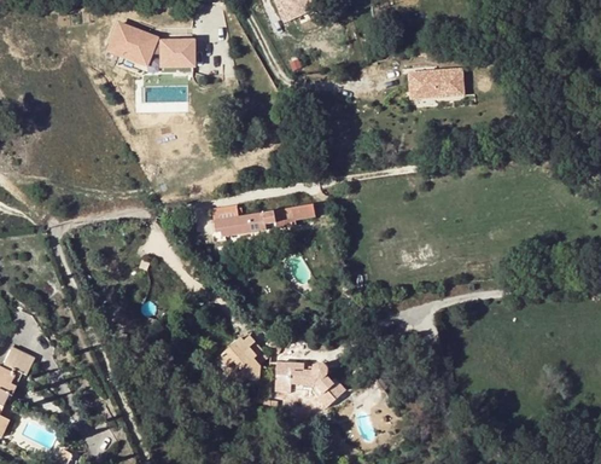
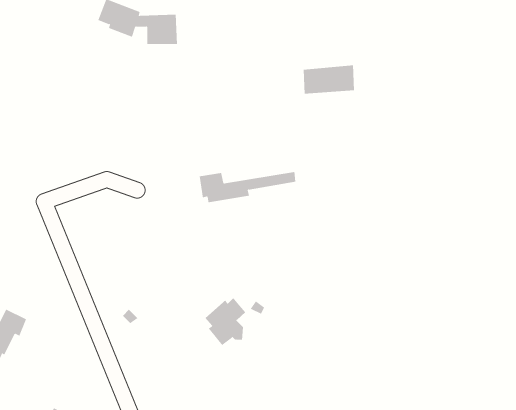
building: [408,68,462,98] -> [303,65,355,94]
building: [276,361,346,407] -> none

